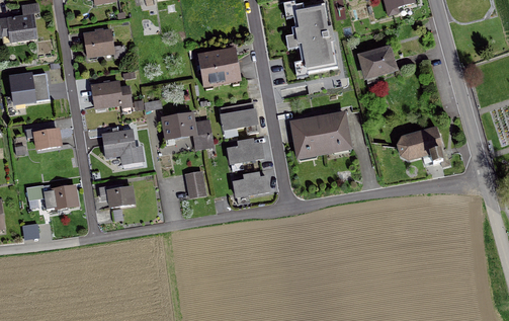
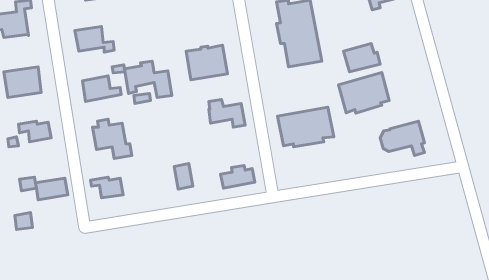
building: none -> [339,72,389,113]
building: [162,110,210,148] -> [125,61,172,97]
building: [228,140,262,163] -> none

